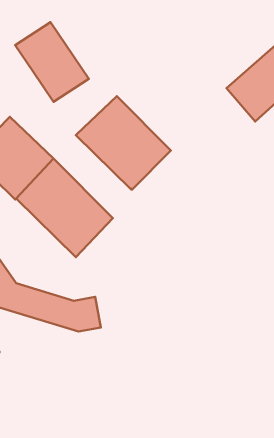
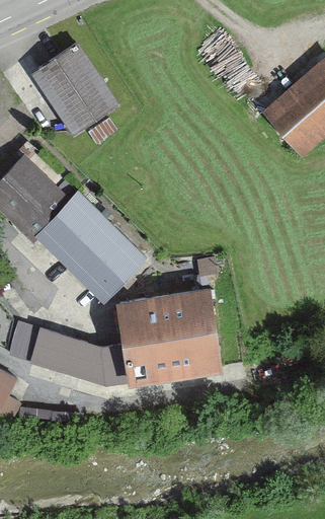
building: [76,96,171,190] -> none
building: none -> [112,282,240,378]

